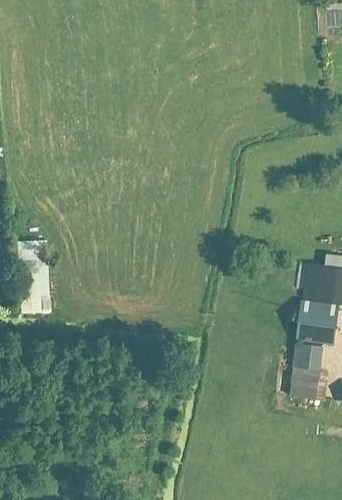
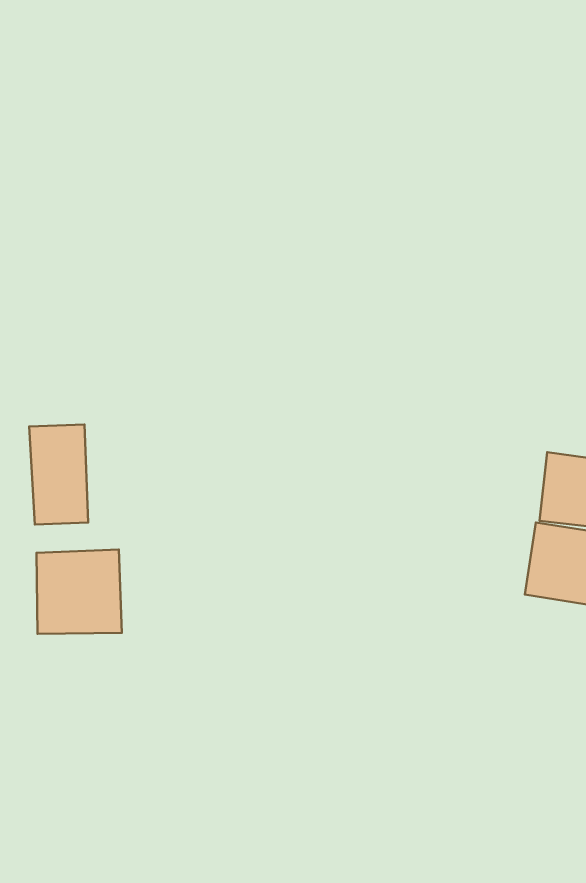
building: none -> [36,550,122,634]
building: [288,342,319,399] -> none

